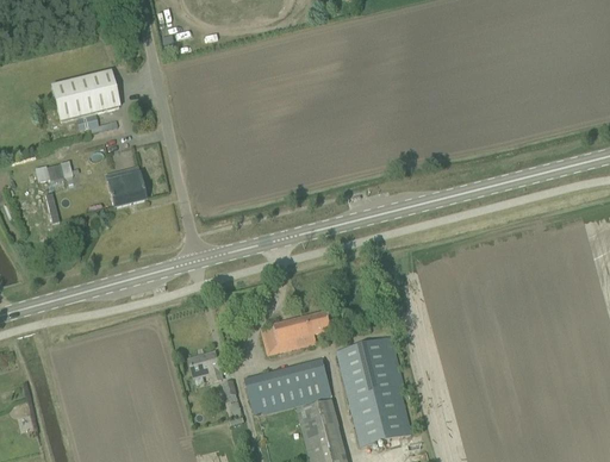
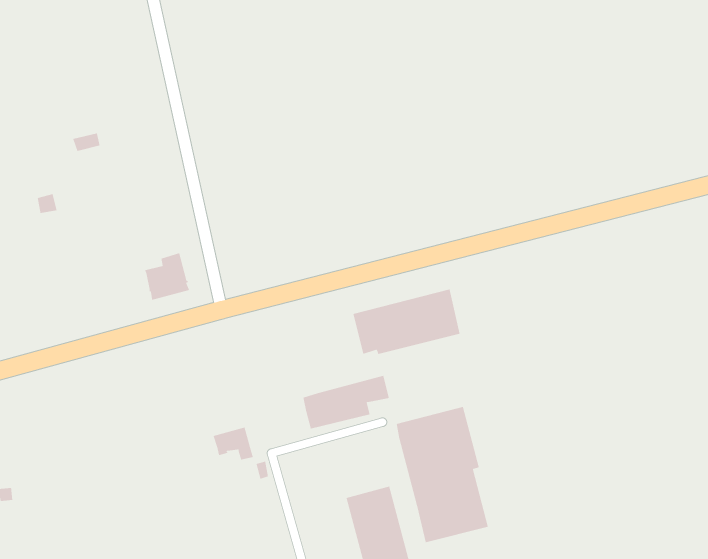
building: [51,70,119,121] -> none
building: [108,167,145,206] -> [144,252,190,301]
building: [243,360,330,413] -> [353,288,460,355]

